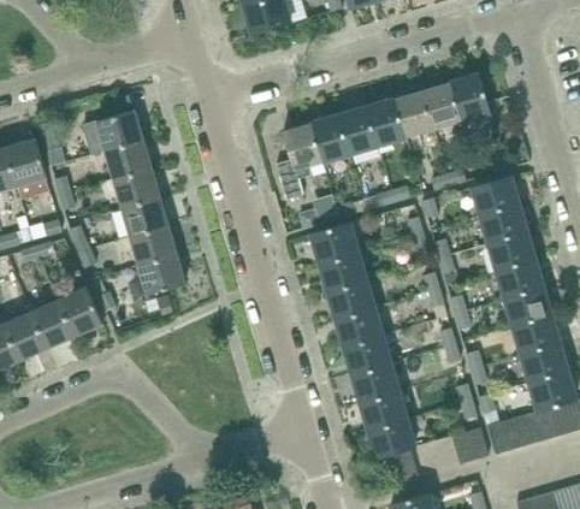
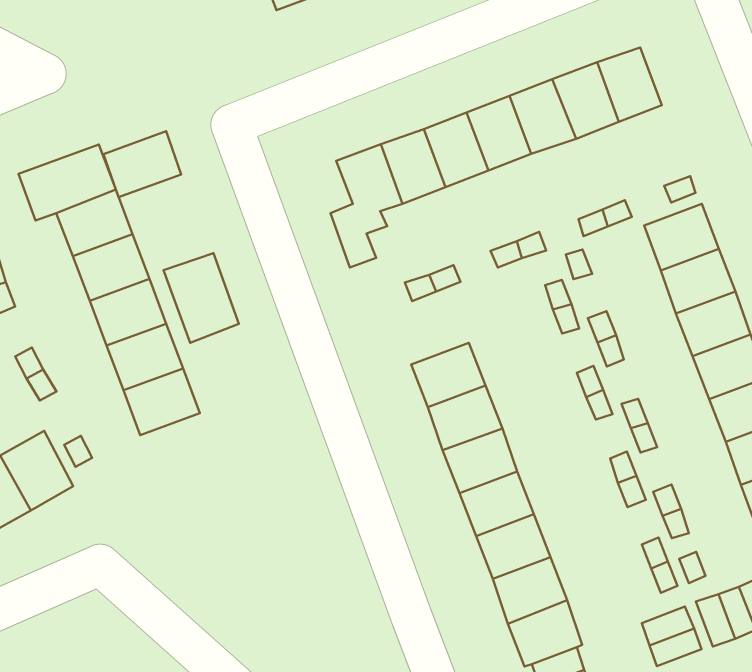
building: none -> [104,131,181,197]
building: none -> [164,253,239,343]
building: [310,224,356,264] -> none

